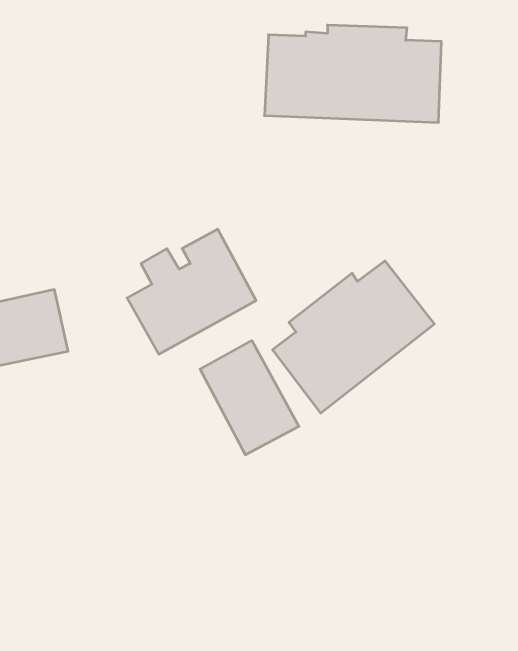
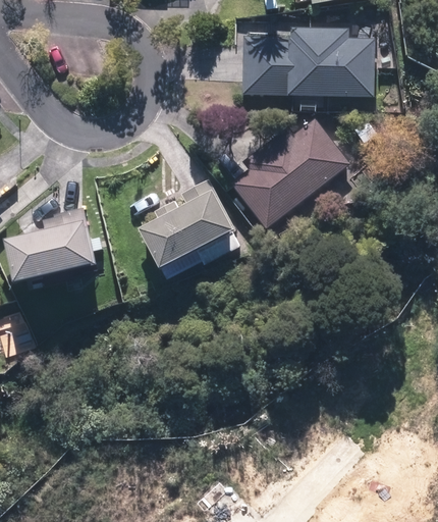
building: [273,261,434,413] -> [229,116,349,229]
building: [200,341,299,455] -> none

